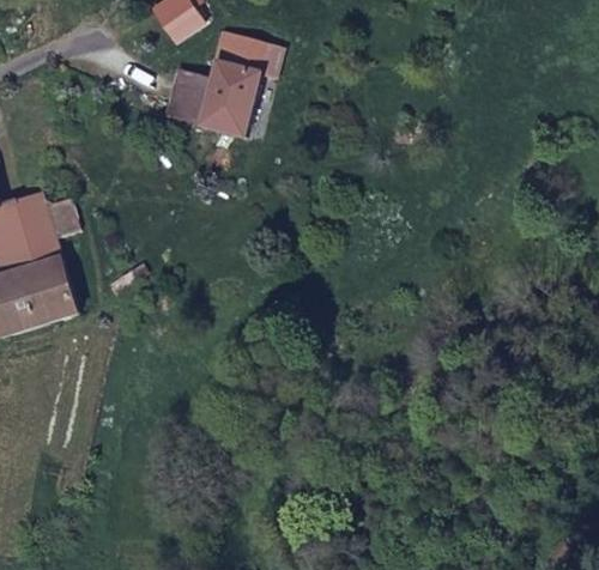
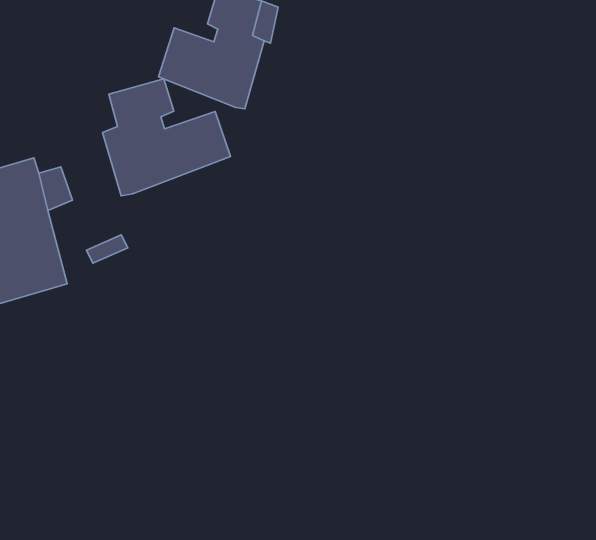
building: none -> [103,79,230,196]

